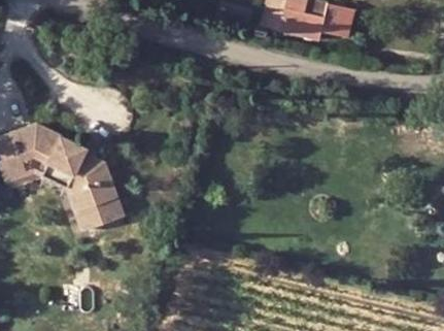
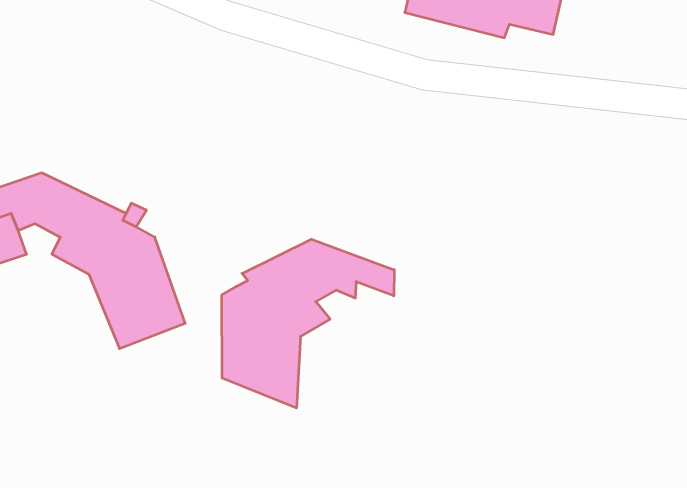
building: none -> [222,239,394,408]

